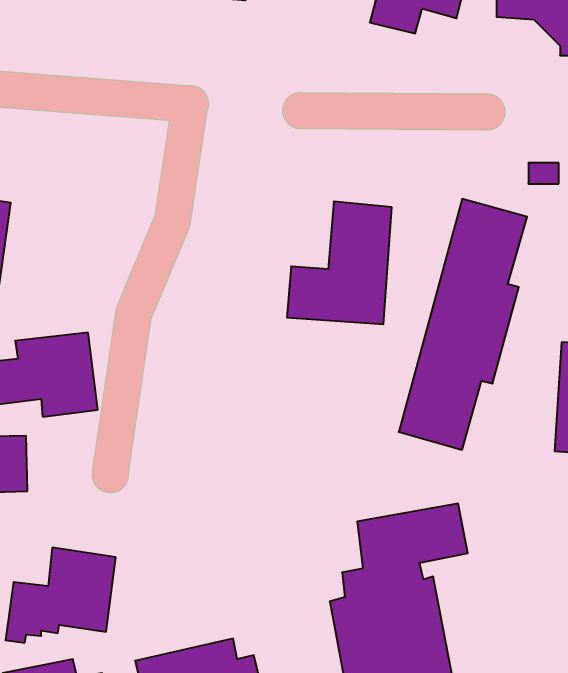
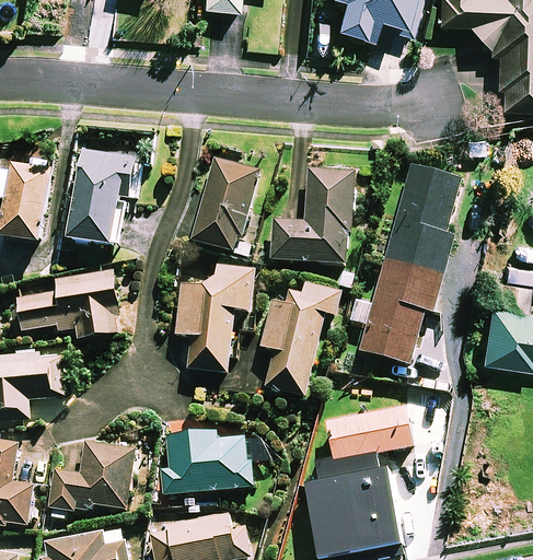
building: none -> [69,135,136,246]
building: none -> [190,156,259,255]
building: none -> [176,264,255,371]
building: none -> [260,282,340,395]
building: none -> [165,431,267,492]

